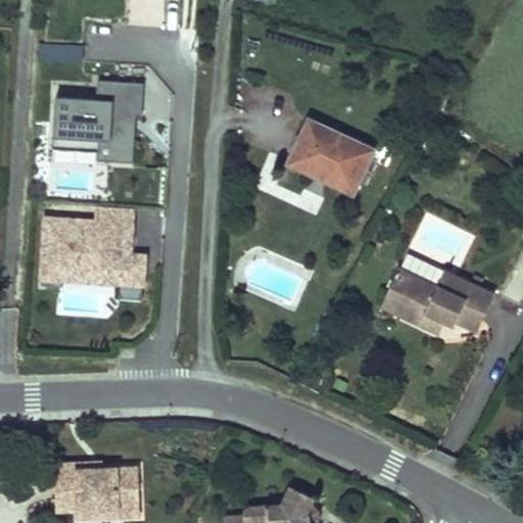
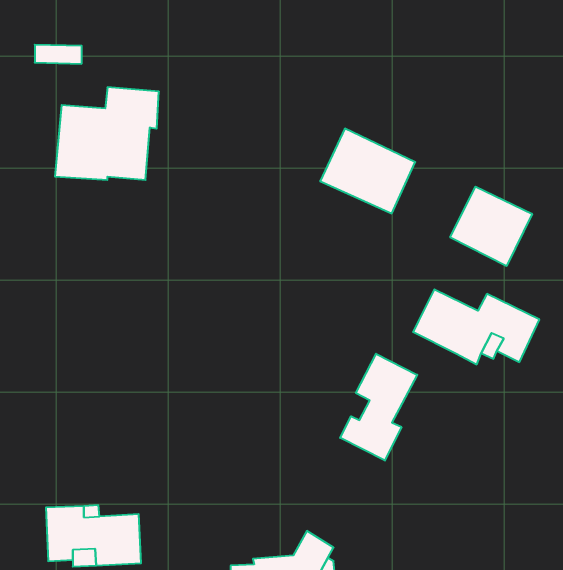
building: none -> [450,187,532,266]
building: [39,207,142,287] -> none
building: none -> [340,354,417,461]

